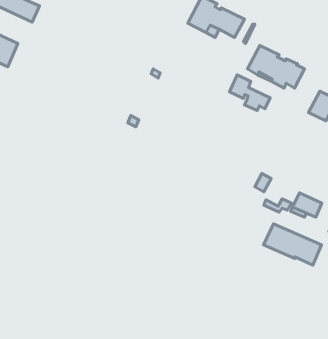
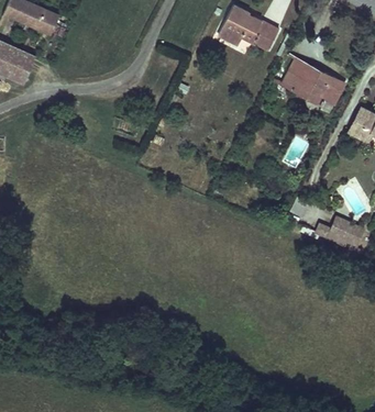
building: [230,75,270,111] -> none
building: [264,224,322,265] -> none

